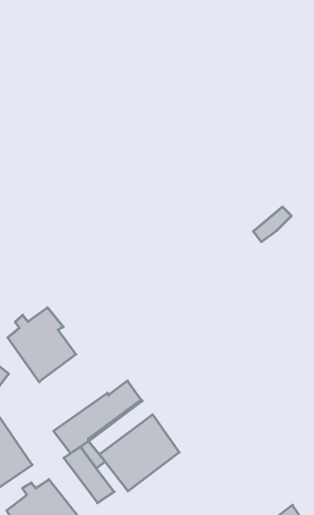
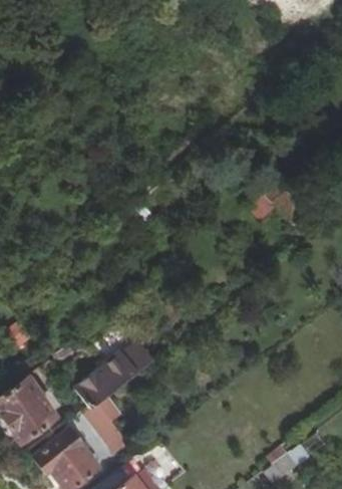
building: [8,308,76,382] -> none
building: [100,415,179,491] -> none

